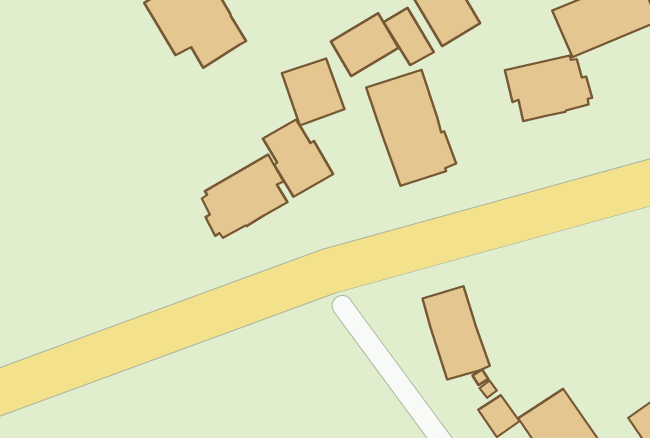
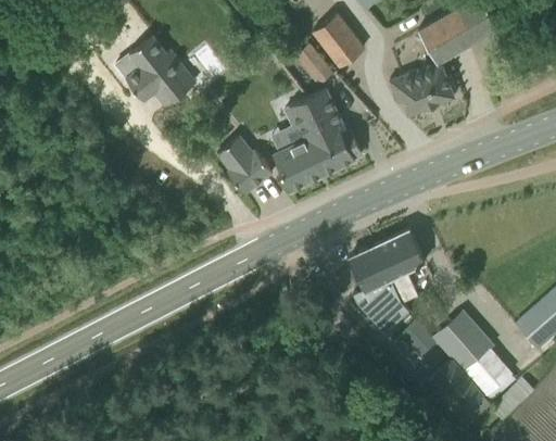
building: [331,13,399,76] -> none
building: [282,59,344,125] -> [273,139,323,191]
building: [202,155,287,238] -> none
building: none -> [379,229,425,300]

